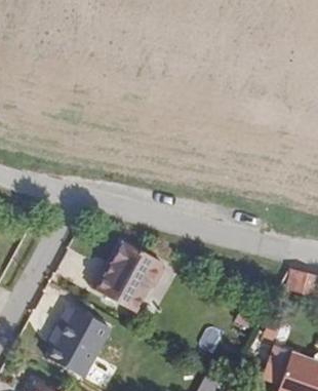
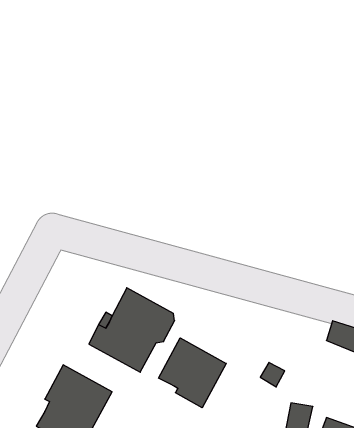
building: none -> [159,338,226,408]

